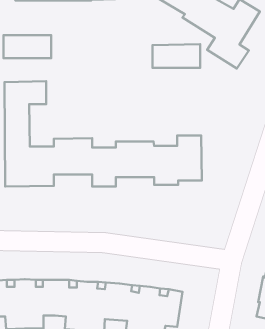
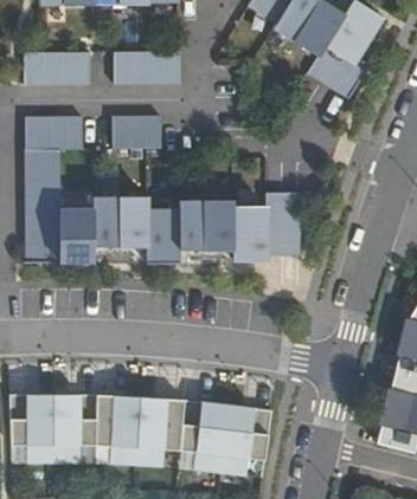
building: [153,44,200,68] -> [115,52,181,85]
building: none -> [114,117,162,149]

